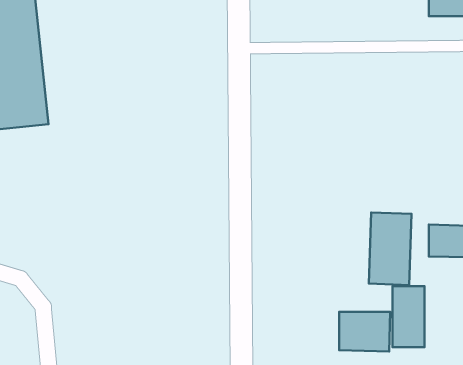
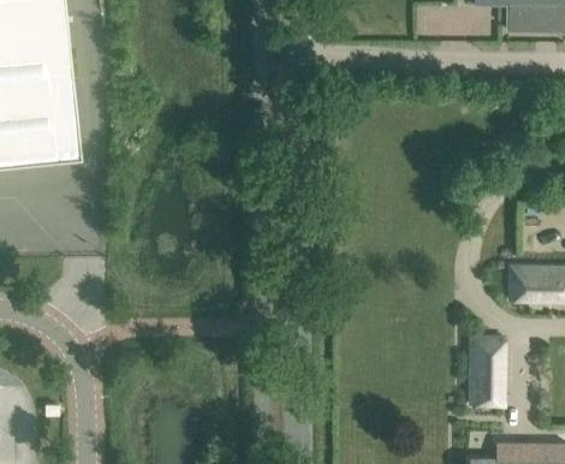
building: [369,213,412,285] -> none
building: [339,312,390,351] -> none

